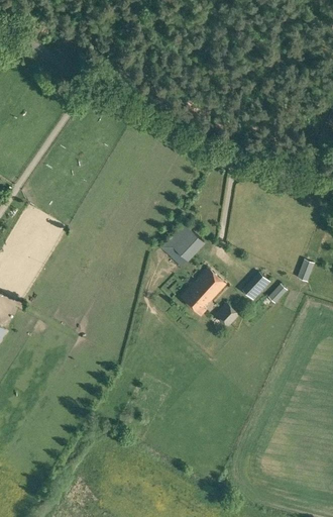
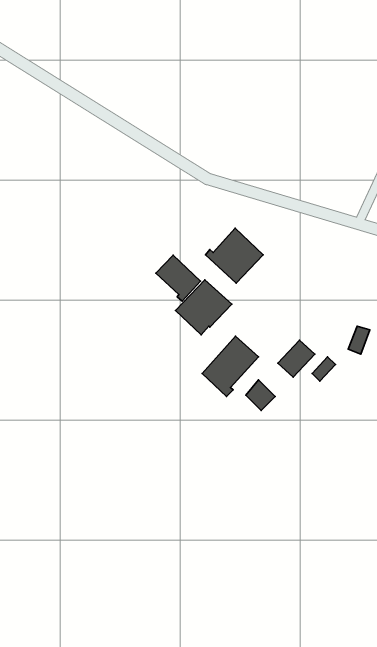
building: none -> [205,228,263,283]
building: none -> [156,255,200,301]

